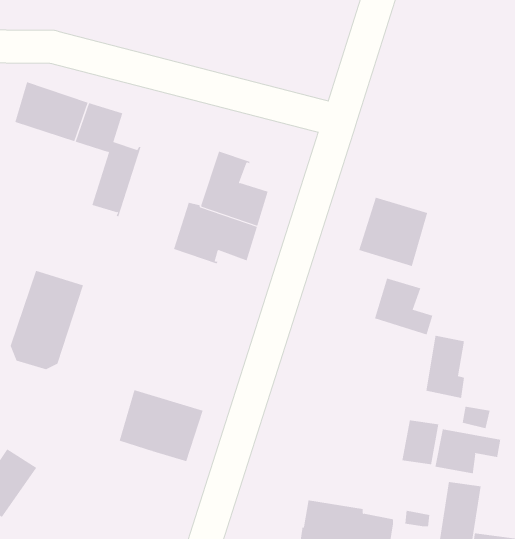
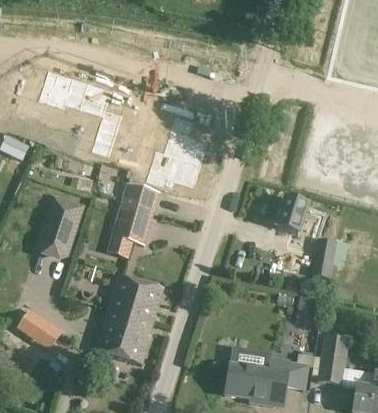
building: [359,197,428,267] -> none
building: none -> [111,183,161,246]
building: [435,429,501,474] -> none
building: none -> [95,308,153,365]

